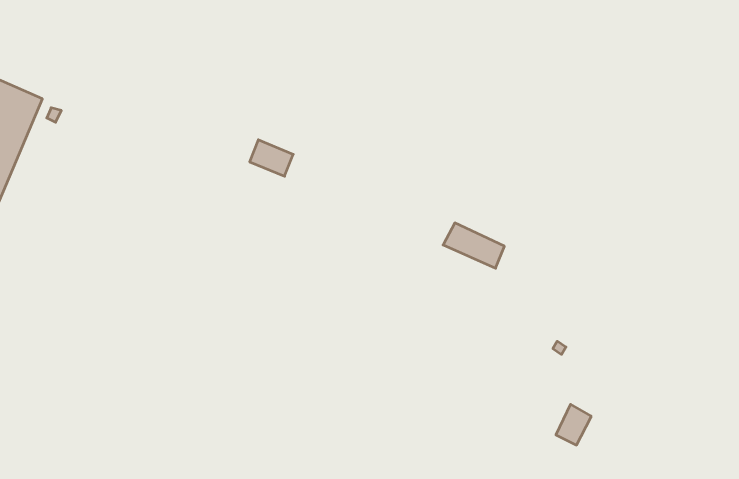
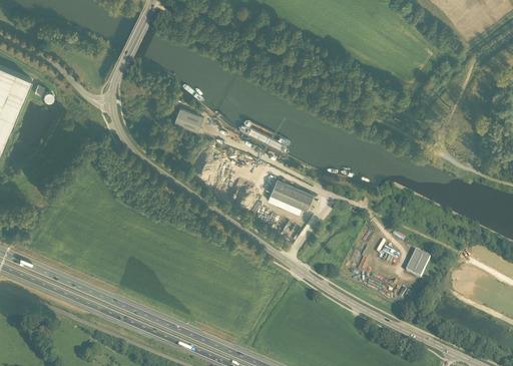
building: [443,223,504,268] -> [270,179,312,211]
building: [556,404,591,445] -> [405,250,429,278]

